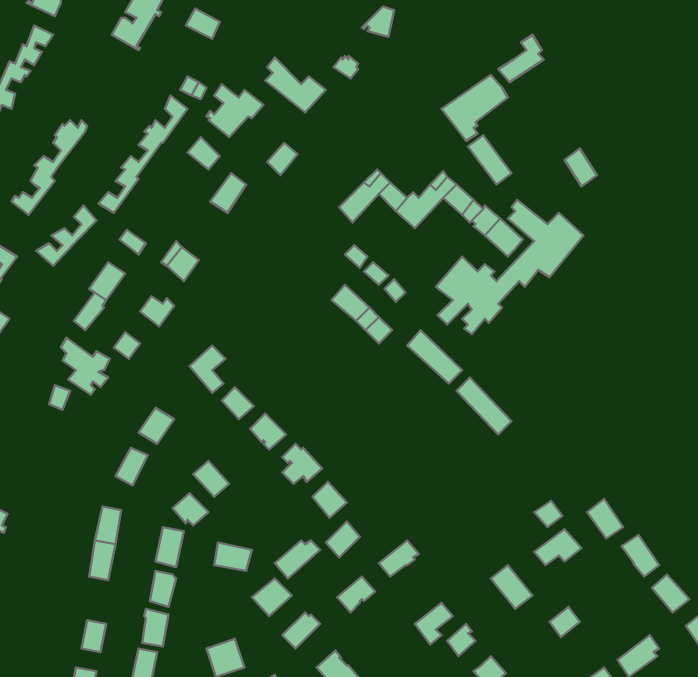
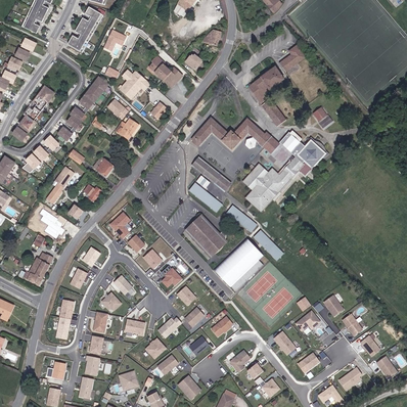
building: none -> [186,216,224,254]
building: none -> [213,236,263,289]
building: none -> [24,253,53,284]

